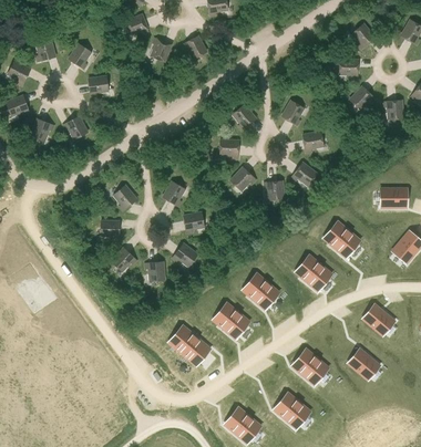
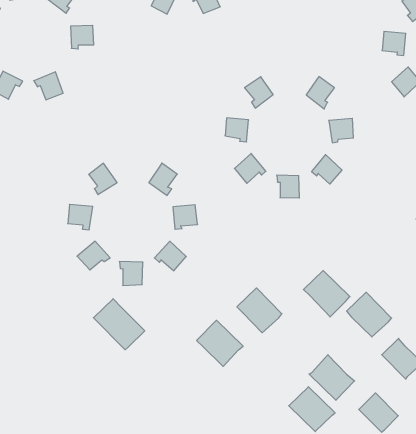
building: [324,221,360,257] -> [347,292,392,337]
building: none -> [309,355,355,400]
building: [168,325,210,365] -> [93,299,145,350]

